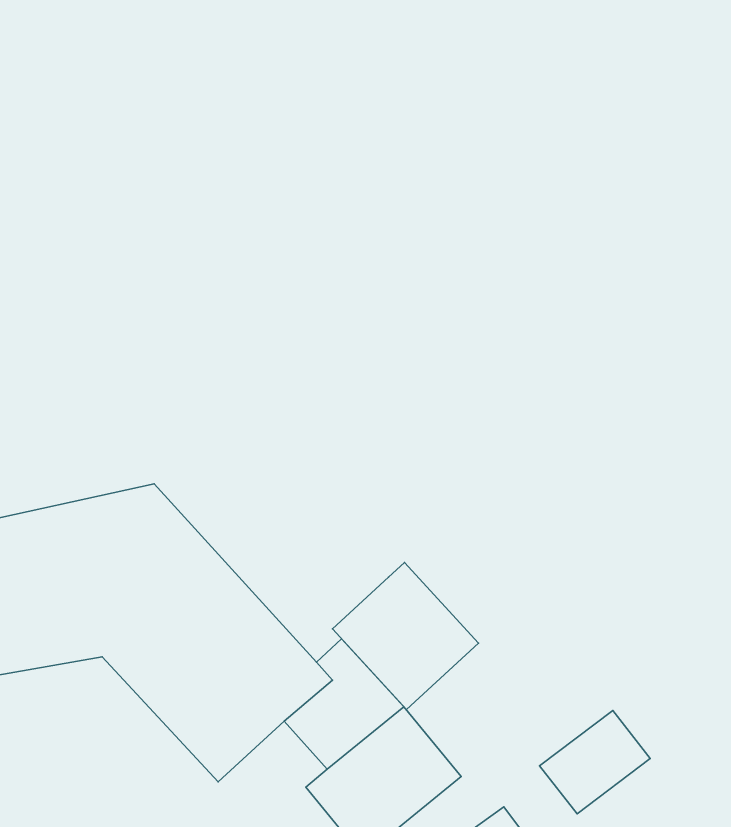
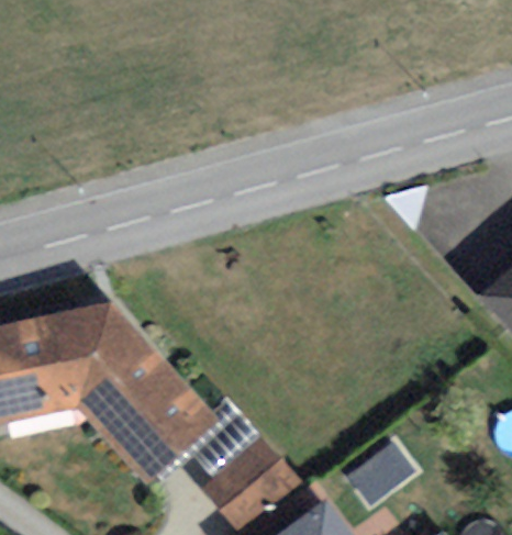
building: [332,563,479,710] -> none

